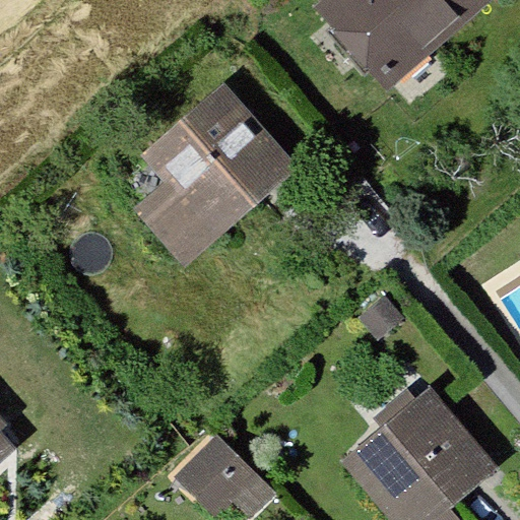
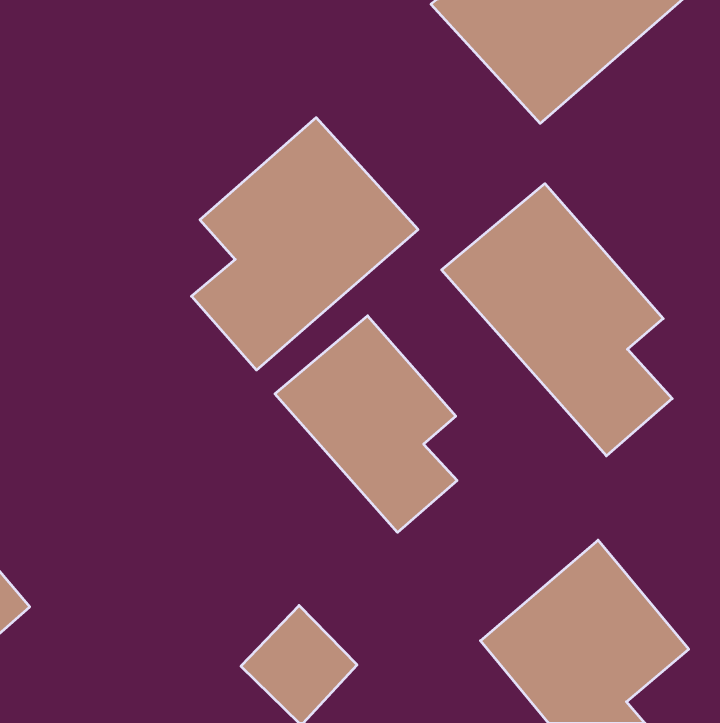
building: none -> [442,184,672,456]
building: none -> [275,316,457,532]

